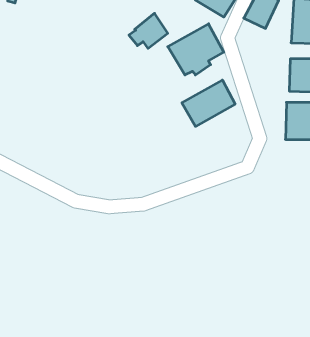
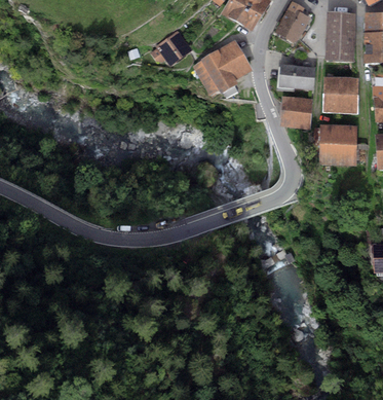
building: none -> [276,65,314,92]
building: none -> [279,97,312,129]
building: [182,80,235,126] -> none

